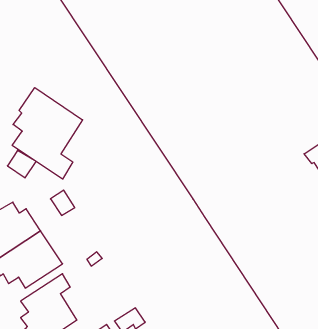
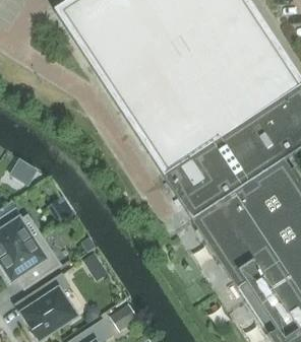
building: [12,88,83,179] -> none

